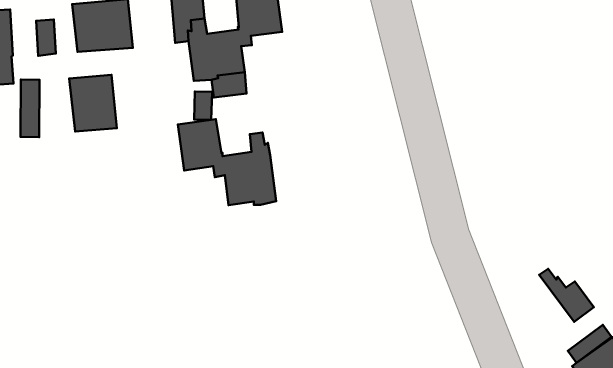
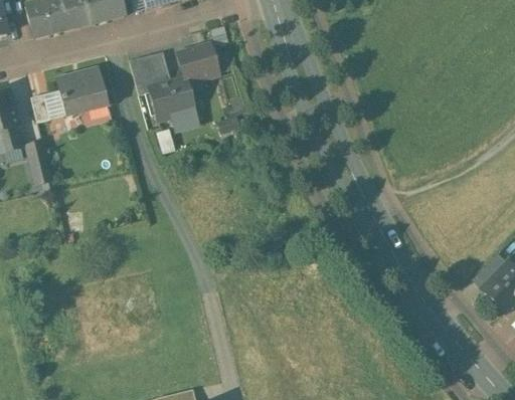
building: [69,75,117,131] -> none
building: [178,119,276,205] -> none
building: [539,269,594,322] -> none

